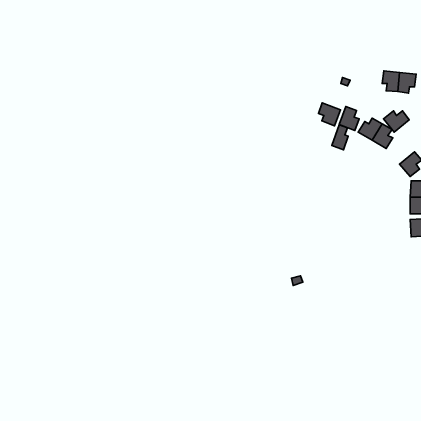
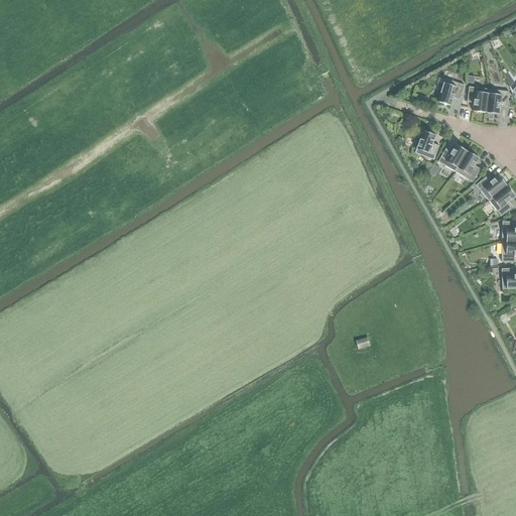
building: none -> [438,79,465,105]
building: [318,103,340,126] -> none
building: [383,111,409,132] -> [476,174,507,201]
building: [332,125,348,150] -> none

